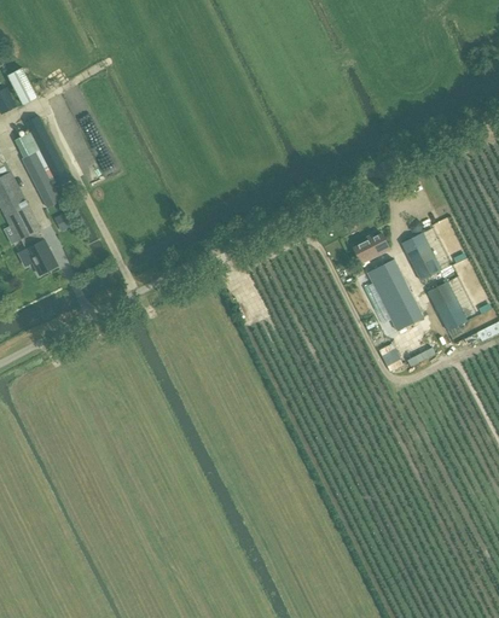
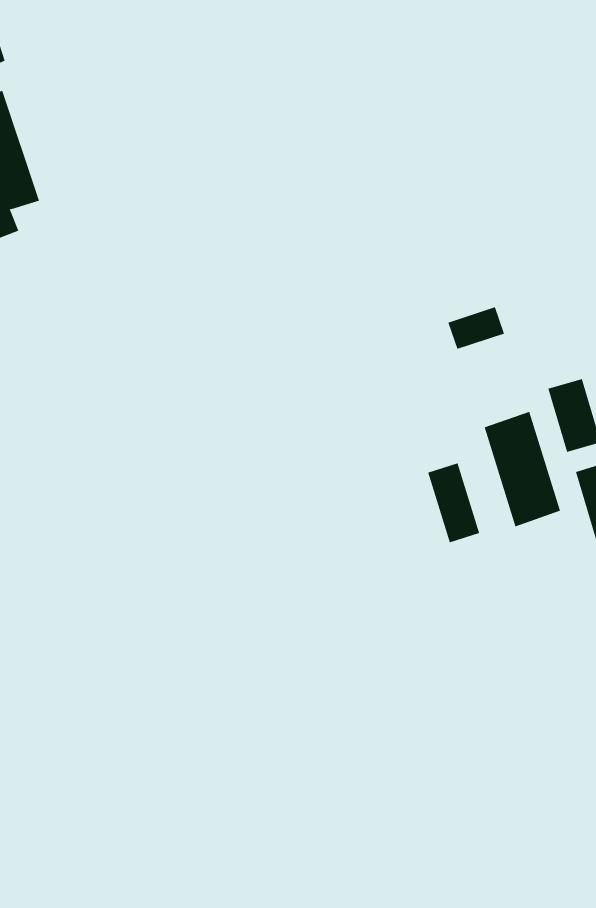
building: [353,233,389,263] -> [447,307,505,350]
building: none -> [428,462,480,543]

